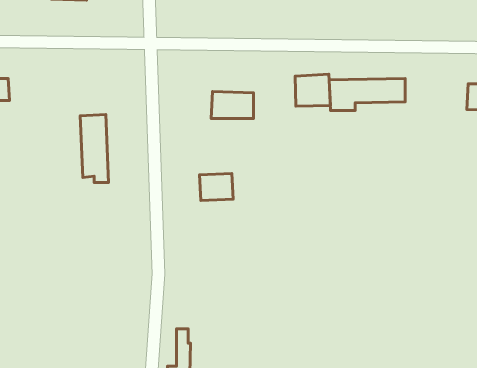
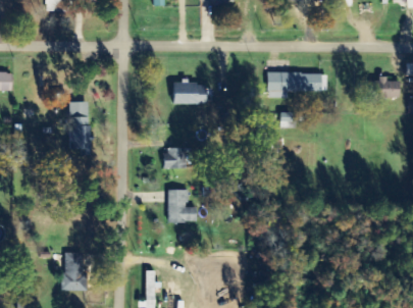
building: [295,74,330,106] -> none
building: none -> [167,189,197,221]
building: none -> [63,251,86,290]

